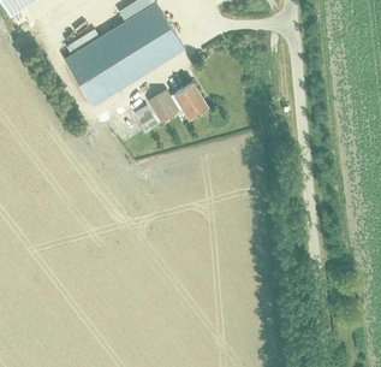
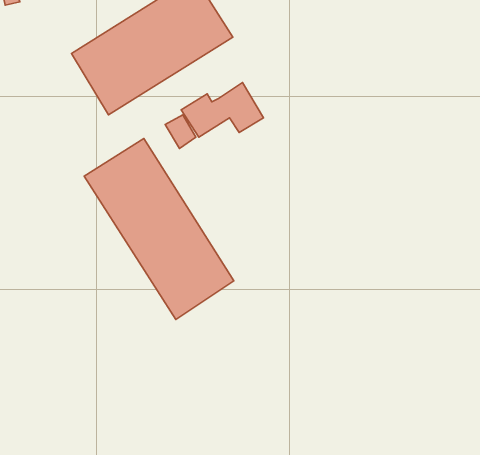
building: none -> [84,138,234,319]

